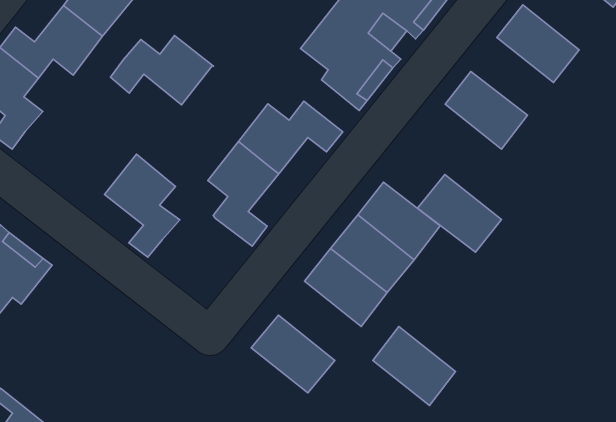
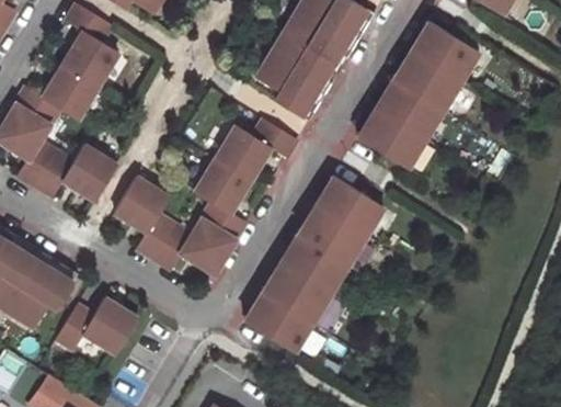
building: [110,35,213,105] -> [35,145,116,200]
building: none -> [393,49,460,109]
building: [417,174,501,252] -> [357,108,425,167]
building: none -> [153,218,236,274]
building: none -> [55,297,137,353]
building: [373,326,455,406] -> [263,262,330,323]

